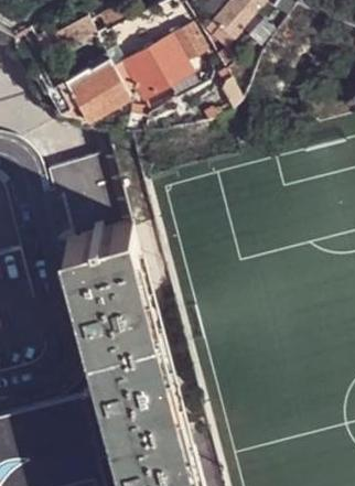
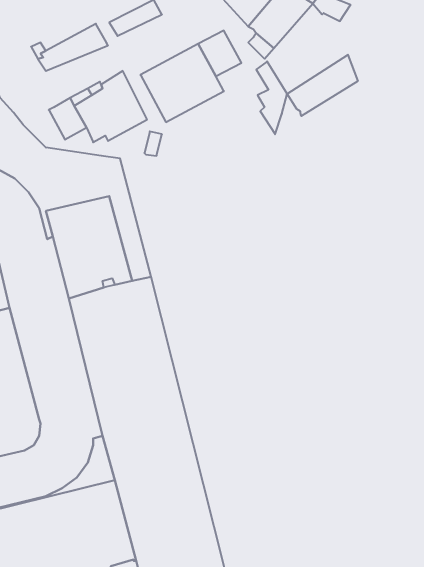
building: none -> [287,55,358,116]

